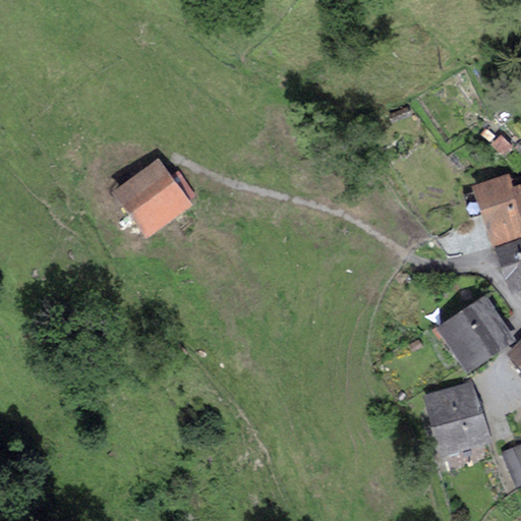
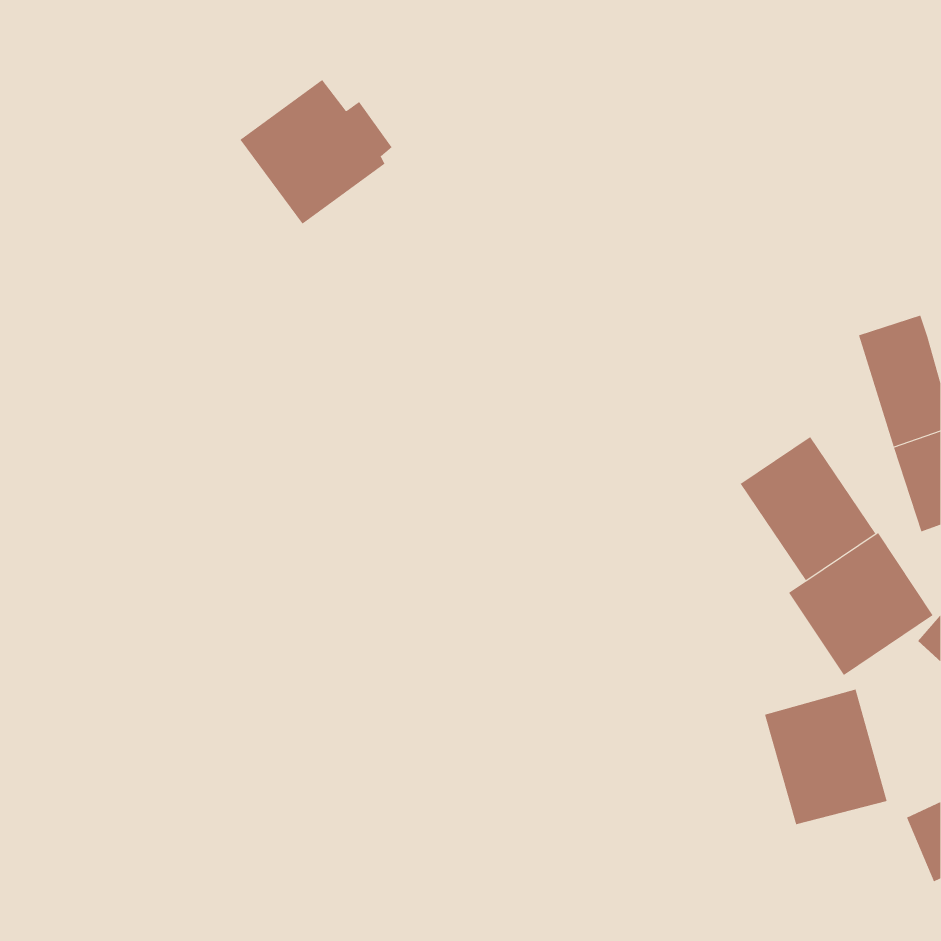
building: [112,158,196,238] -> [240,79,392,225]
building: none -> [740,436,876,581]

